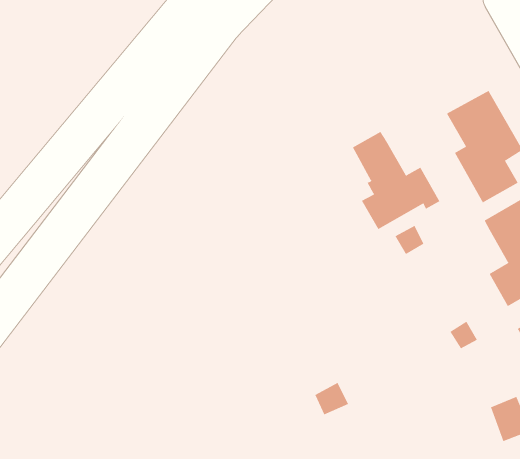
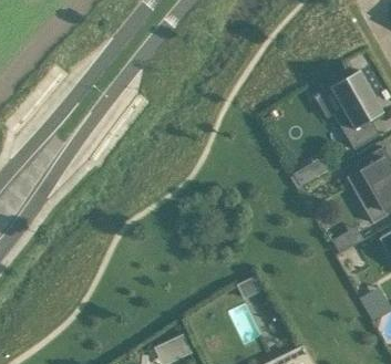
building: [352,131,440,230] -> none

